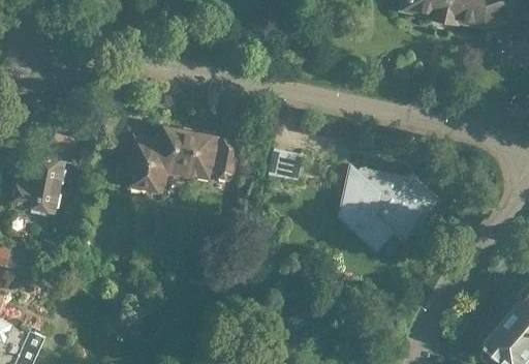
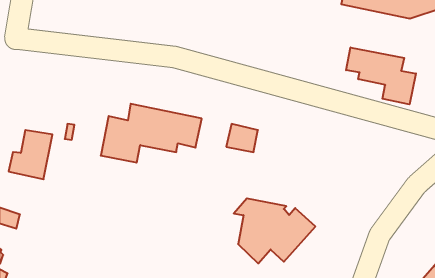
building: none -> [346,47,416,104]
building: [345,168,441,244] -> [234,198,315,263]

